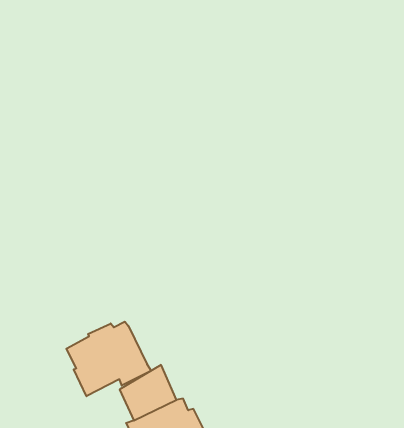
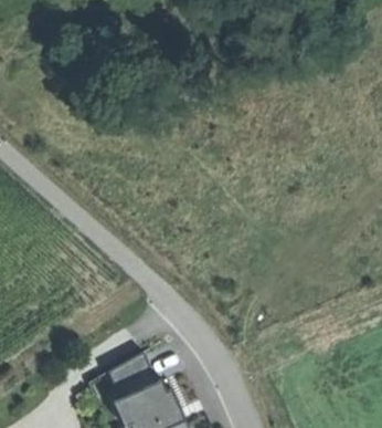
building: [66,322,151,396] -> none

